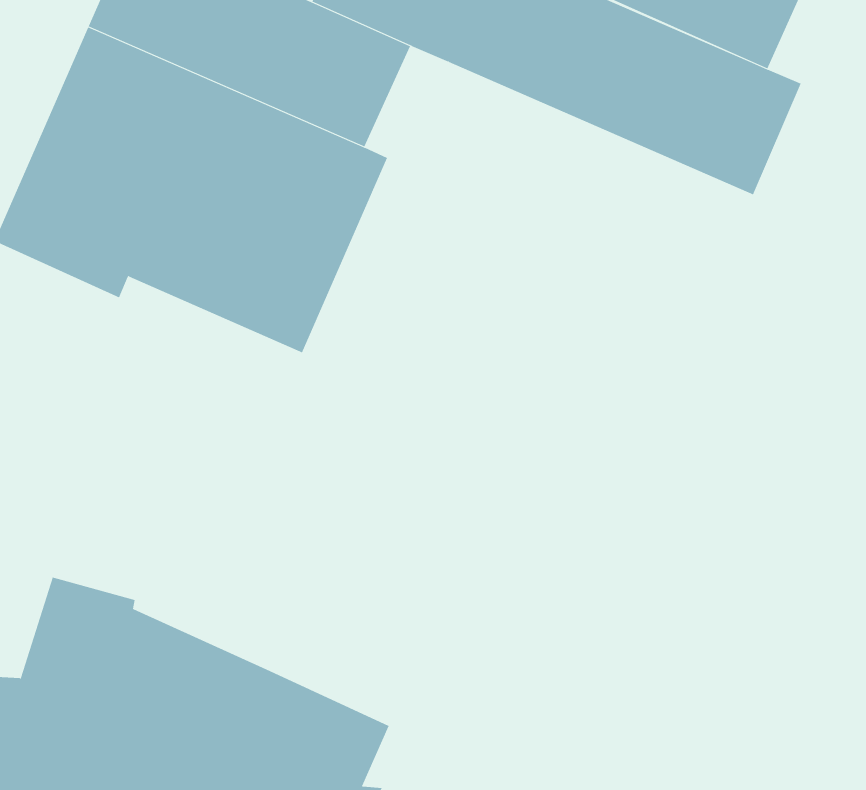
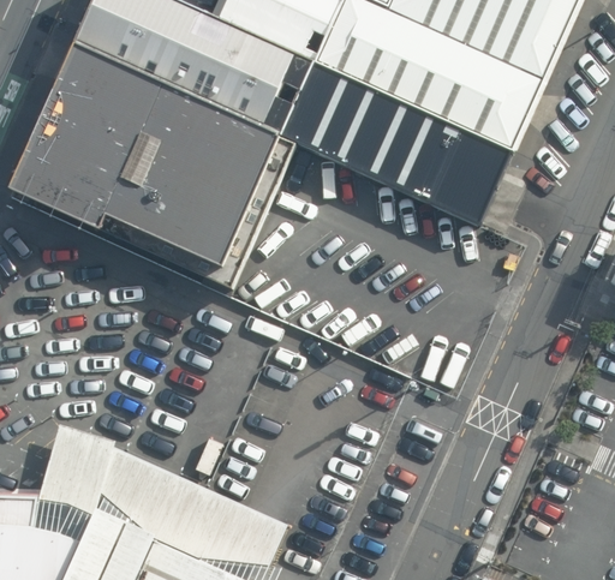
building: none -> [286,71,524,233]

